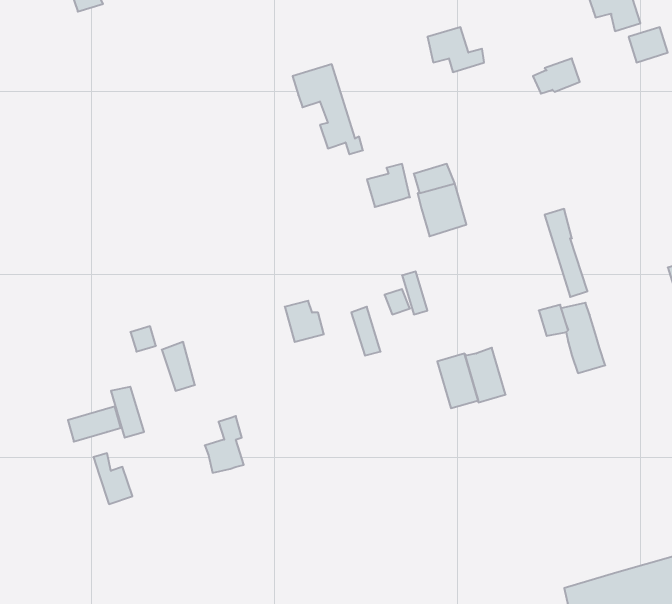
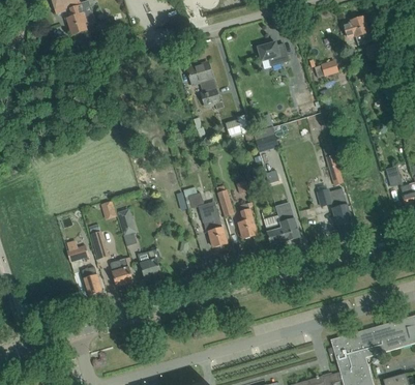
building: none -> [238,201,257,238]
building: none -> [199,205,227,246]
building: none -> [110,257,132,286]

